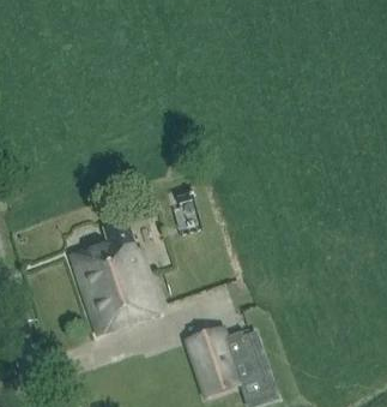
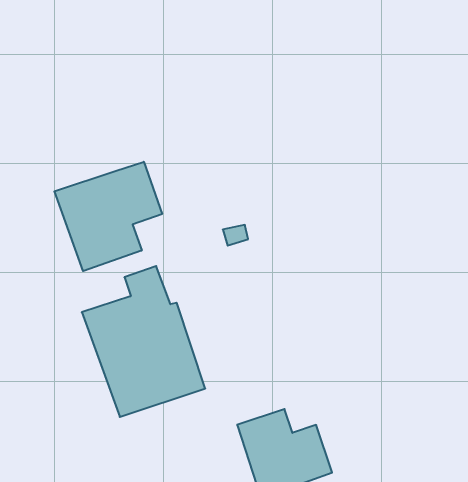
building: none -> [54,162,162,271]

